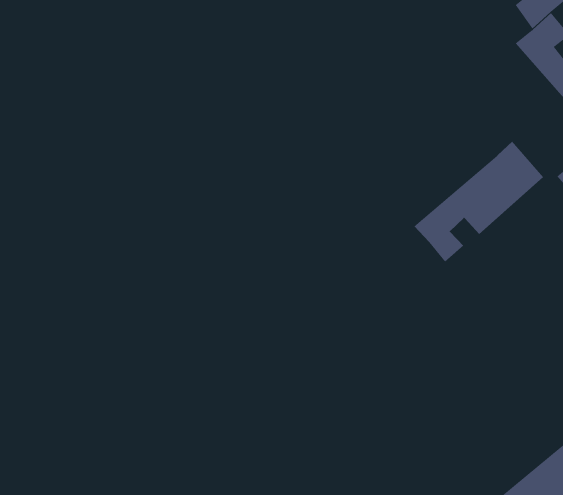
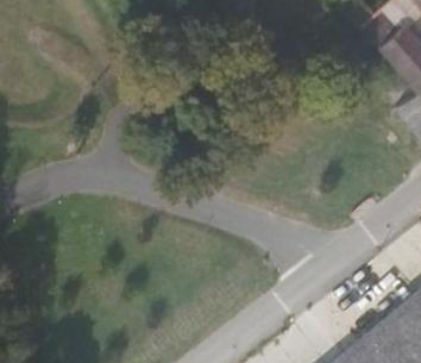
building: [414,141,544,263] -> none

